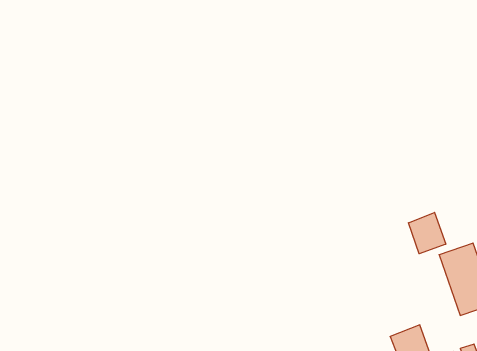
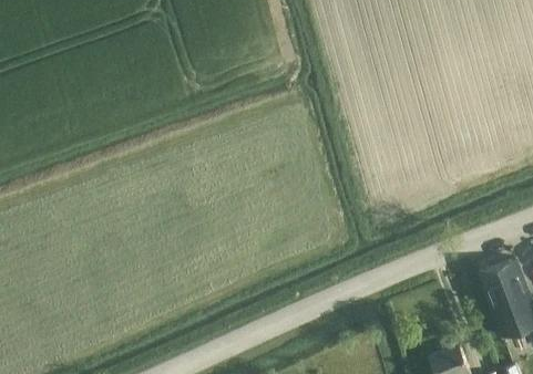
building: [408,212,446,254] -> none

